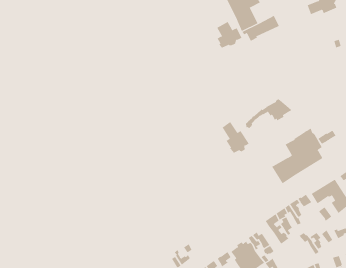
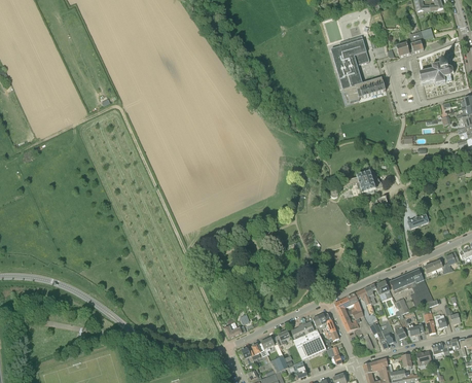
building: [217,21,242,48] -> none
building: [222,121,249,154] -> none
building: [272,128,323,184] -> none

